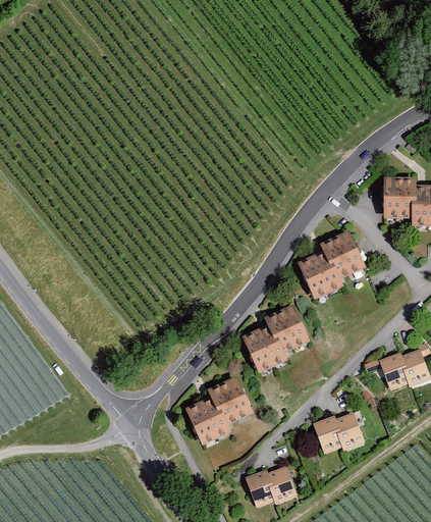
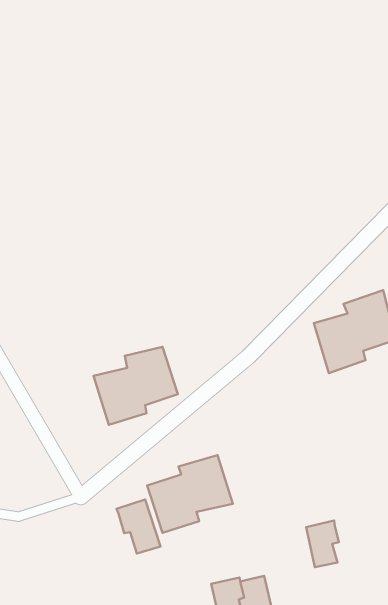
building: [241,306,310,373] -> [94,347,178,425]
building: [336,412,366,452] -> none
building: none -> [117,500,160,553]

